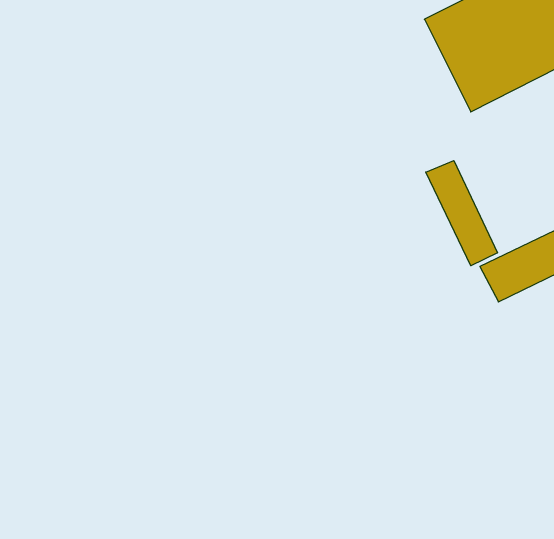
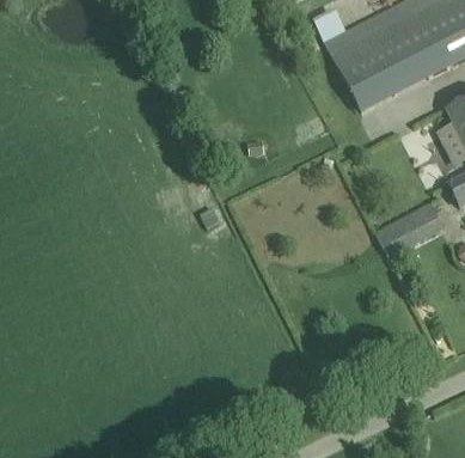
building: [426,161,497,266] -> none

